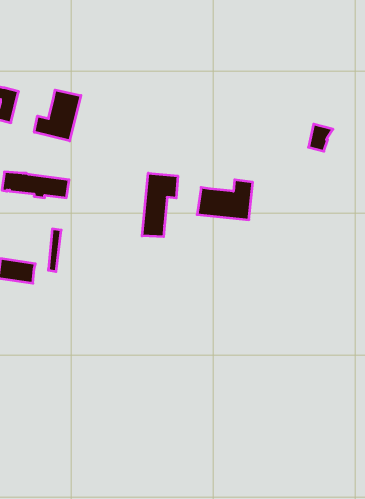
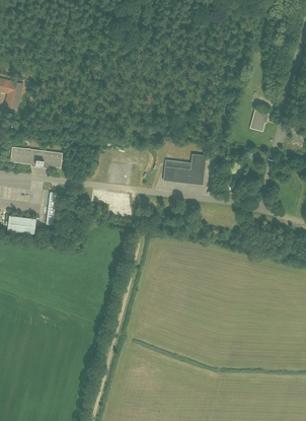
building: [34,90,81,141] -> none
building: [142,173,178,237] -> none

